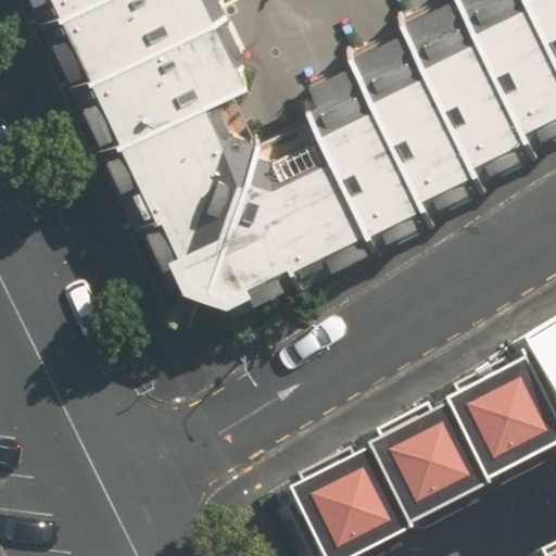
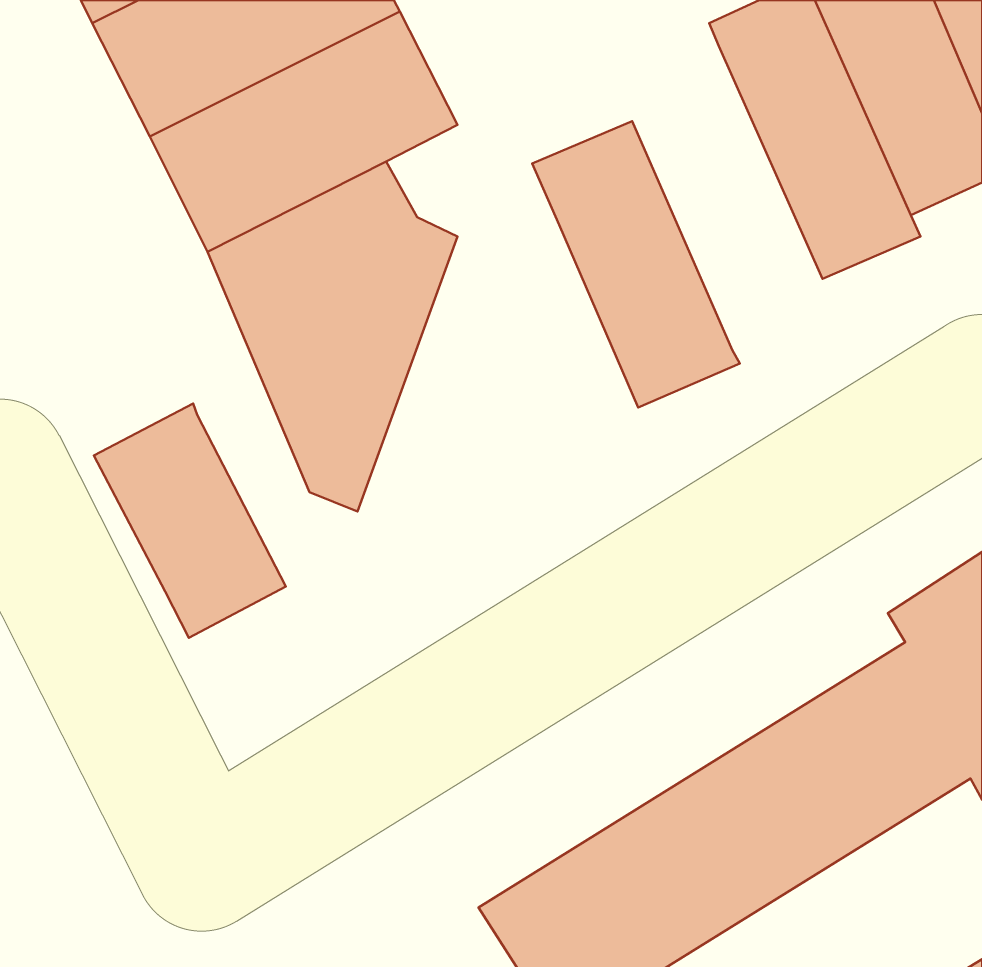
building: [350,35,471,206] -> none
building: [202,136,361,307] -> none
building: none -> [94,404,286,638]

